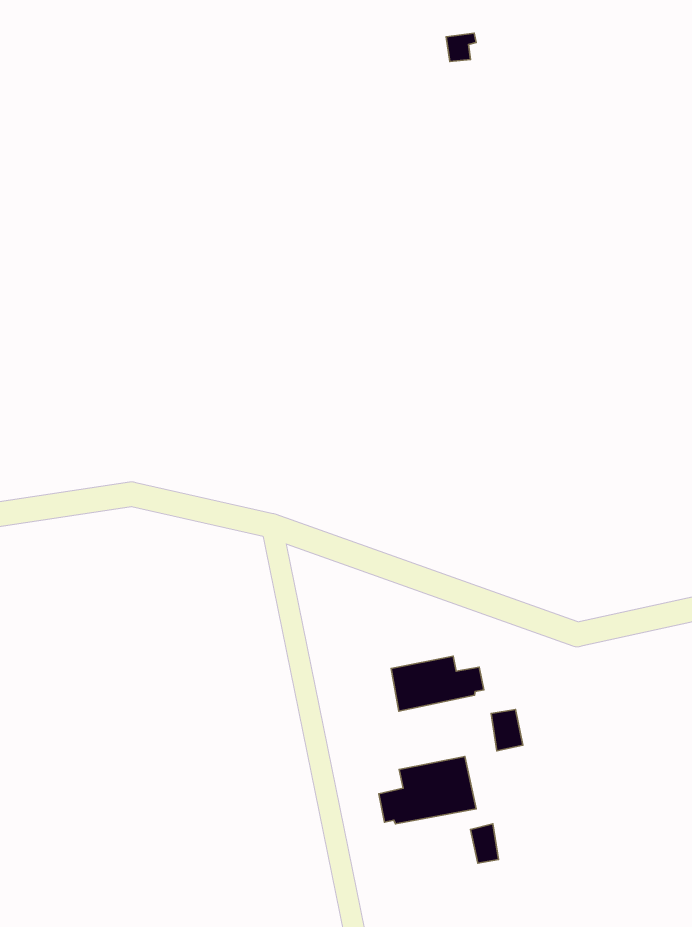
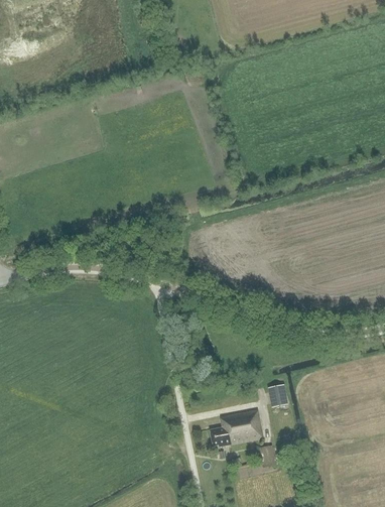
building: [391,656,484,711] -> none

